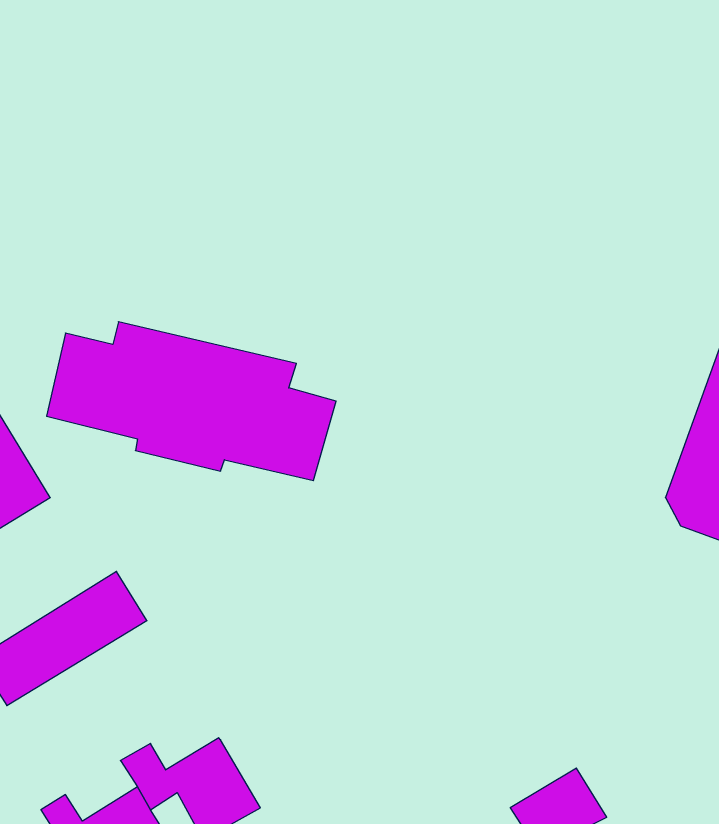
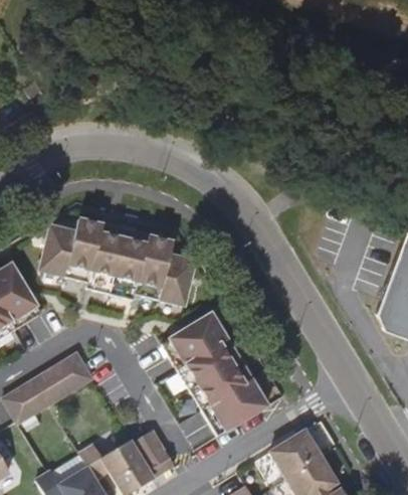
building: none -> [162,312,268,435]
building: none -> [133,429,175,477]
building: none -> [270,429,322,477]

